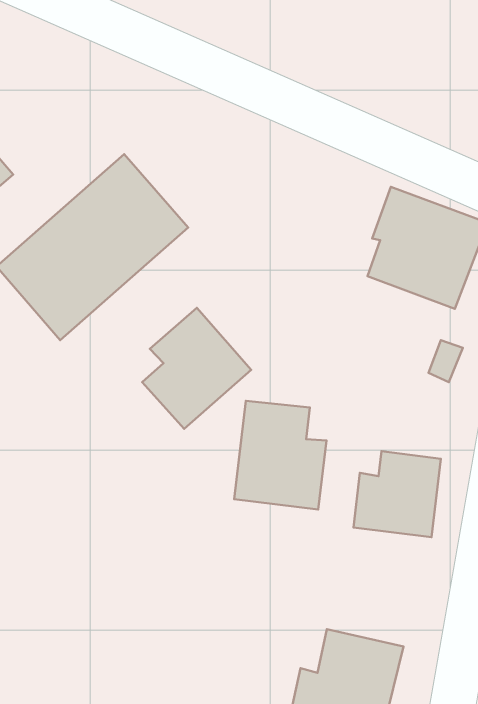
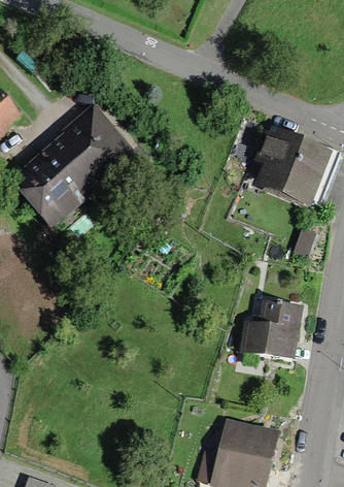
building: [142,308,251,429] -> none
building: [234,401,327,509] -> none

